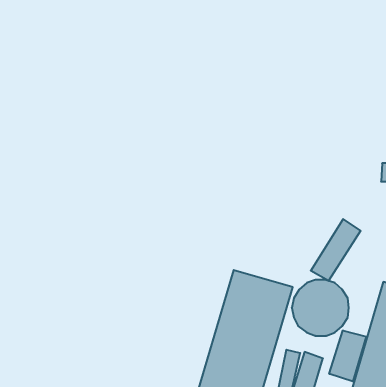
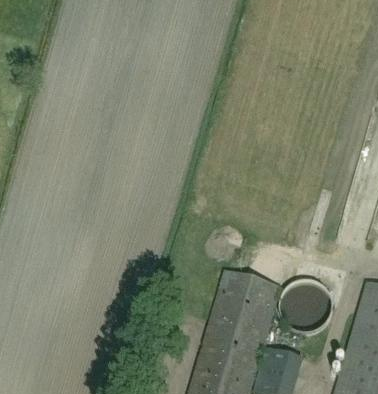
building: [311,219,361,281] -> none
building: [329,330,366,381] -> none

